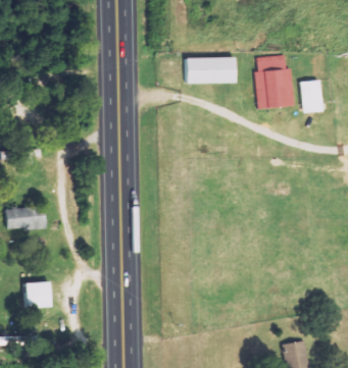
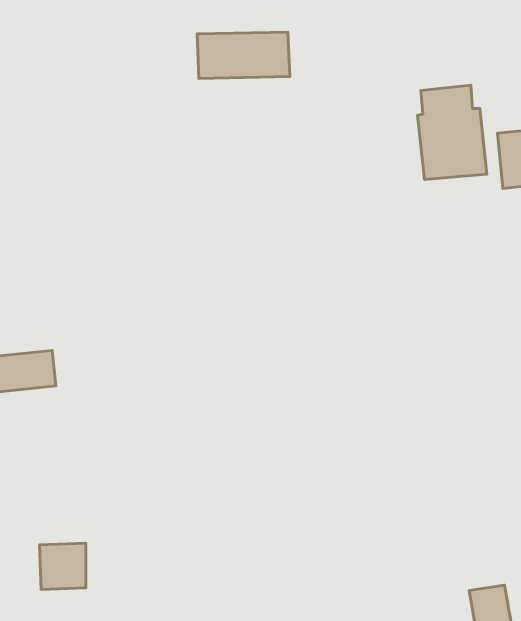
building: [184,57,237,84] -> [197,32,290,78]
building: [26,281,52,308] -> [40,543,86,589]

